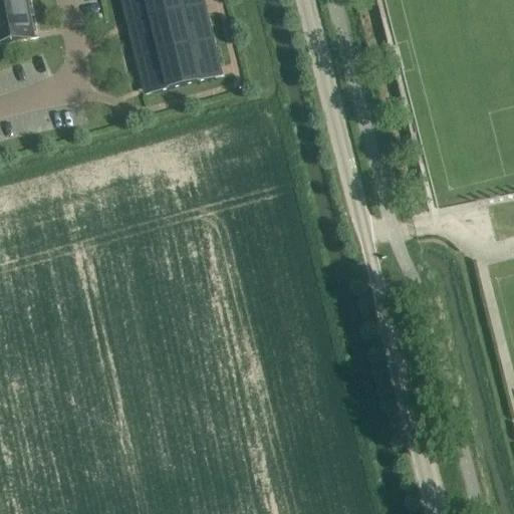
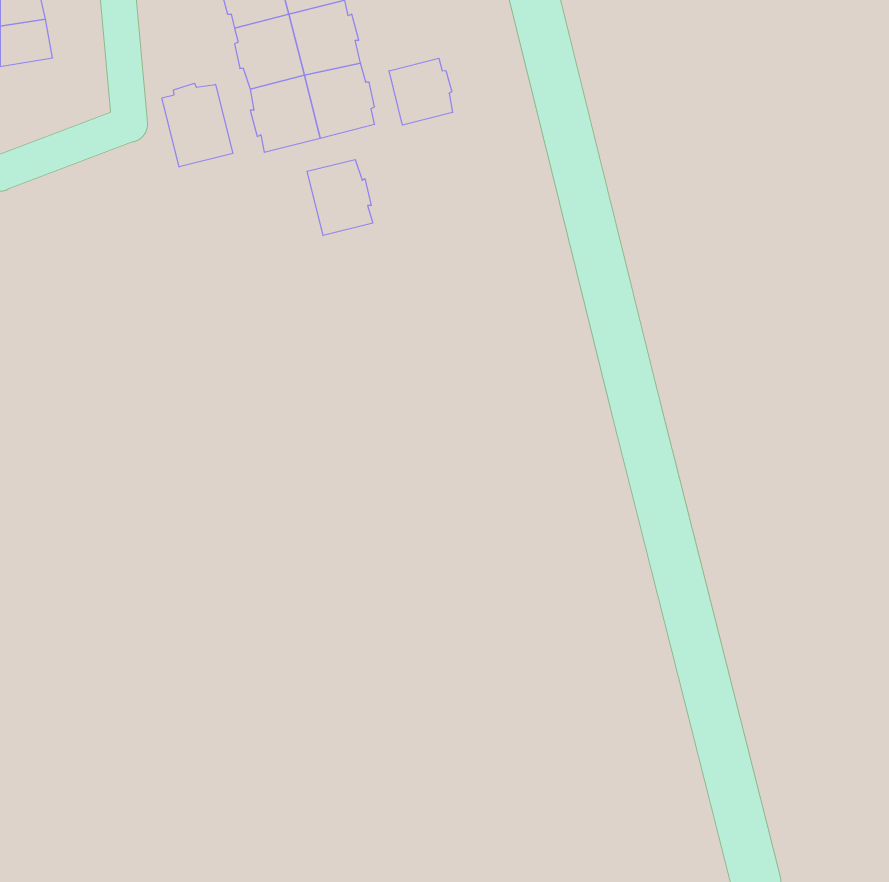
building: none -> [389,58,453,125]
building: none -> [162,83,233,167]
building: none -> [307,160,373,236]

